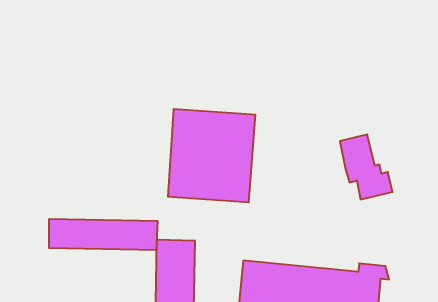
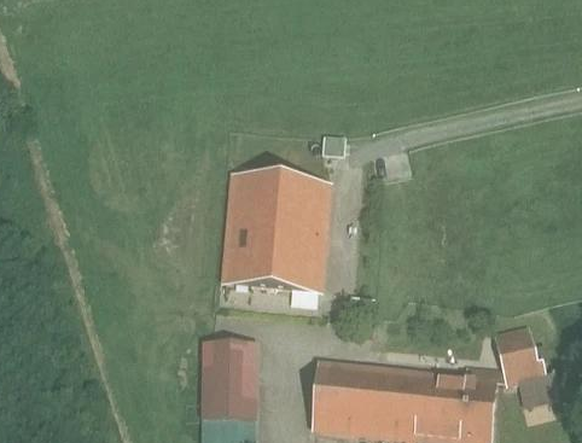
building: [340,134,393,199] -> [493,323,560,407]
building: [49,219,157,250] -> none

